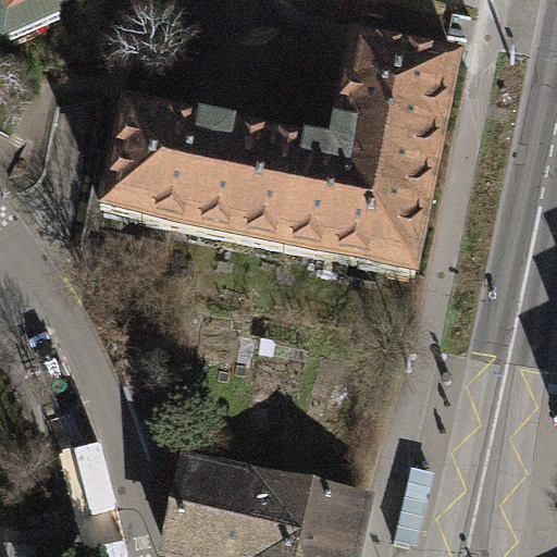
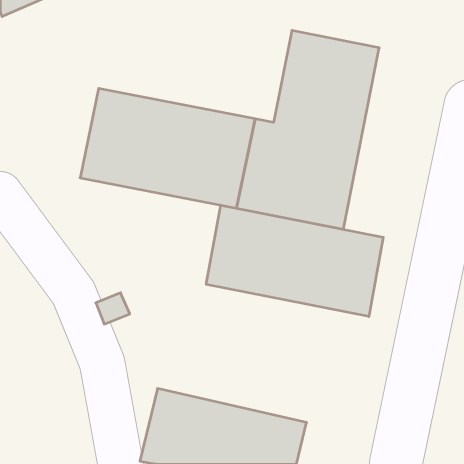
building: none -> [206,205,383,317]

